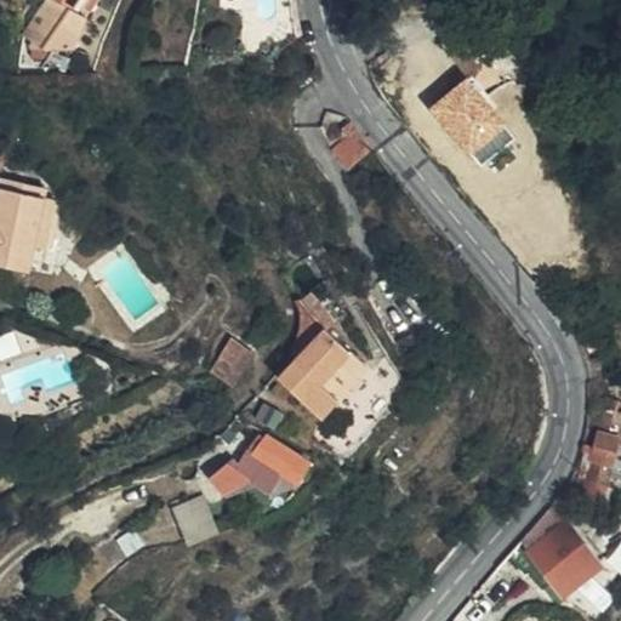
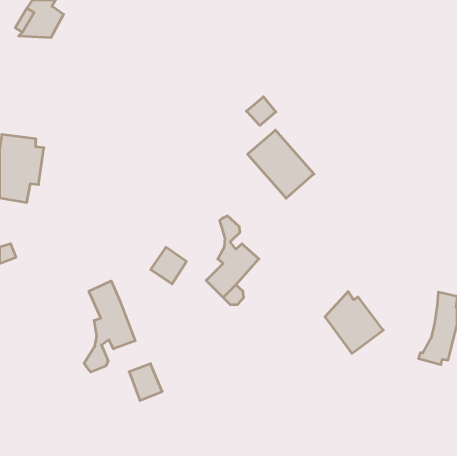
building: [429,75,519,167] -> [248,130,314,198]
building: none -> [84,281,135,372]
building: [238,441,310,495] -> none
building: [518,511,597,594] -> [325,292,383,353]

